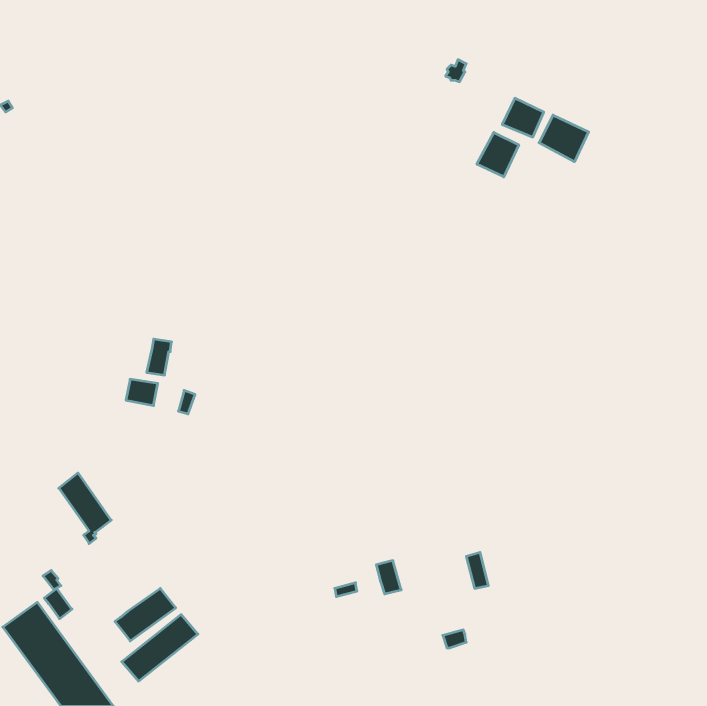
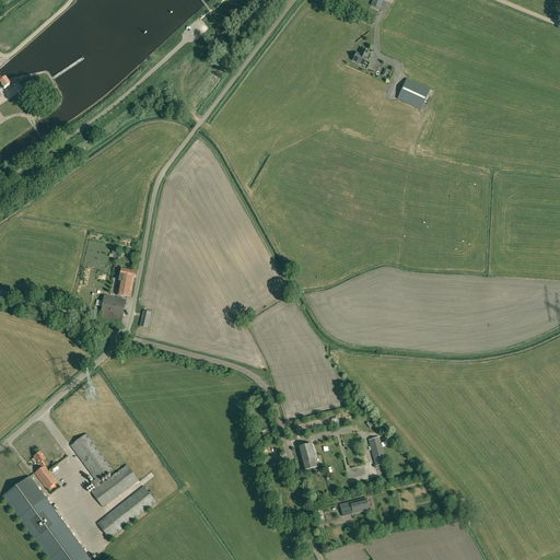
building: [539,115,589,162] -> none
building: [477,132,519,177] -> none
building: [59,473,111,544] -> [71,432,113,488]

